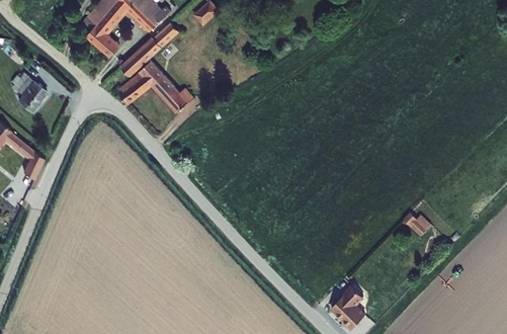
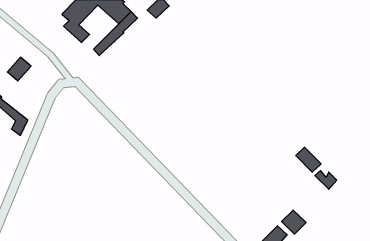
building: [120,59,188,111] -> none
building: none -> [296,147,321,172]
building: none -> [282,210,306,234]

